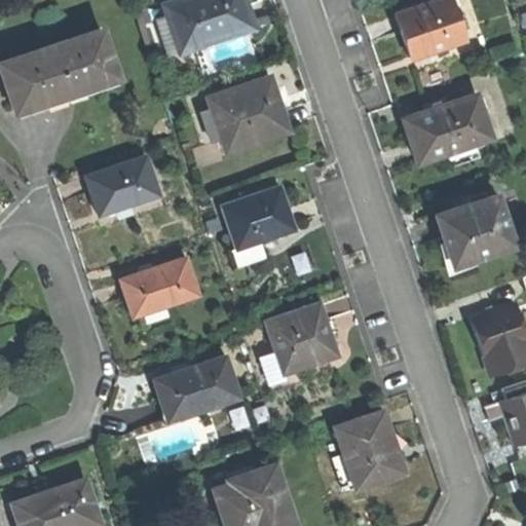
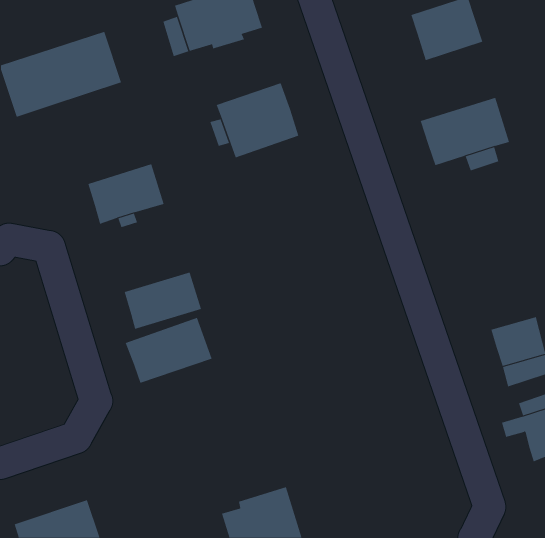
building: [226,186,296,246] -> none
building: [437,196,511,260] -> none
building: [265,305,337,374] -> none
building: [157,360,241,423] -> [125,317,213,383]
building: [338,415,405,491] -> none

